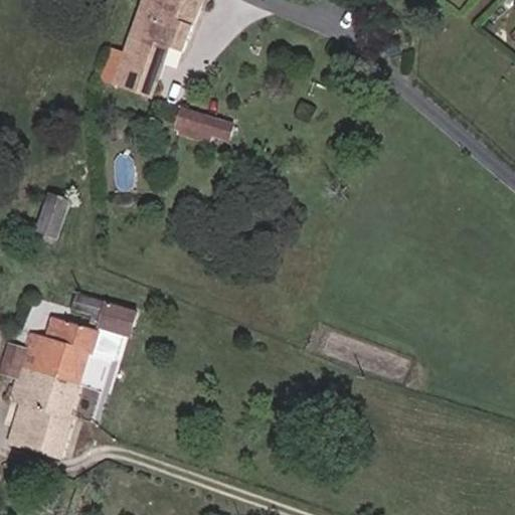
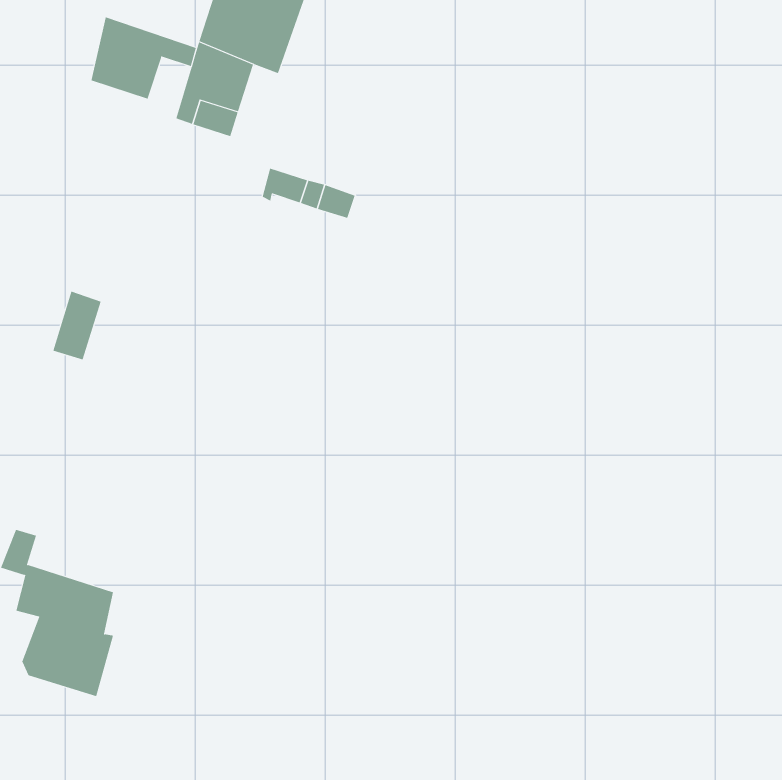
building: none -> [91,16,196,99]
building: [18,290,134,387] -> none

